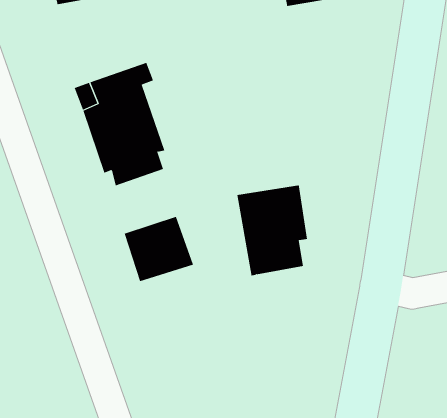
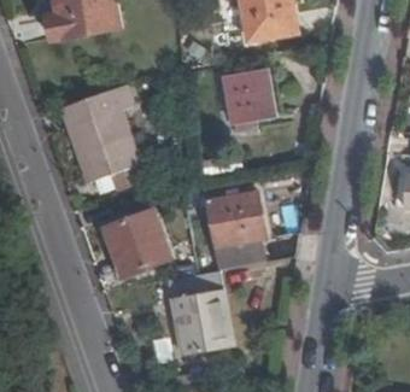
building: none -> [222,70,274,124]
building: none -> [168,269,236,358]

